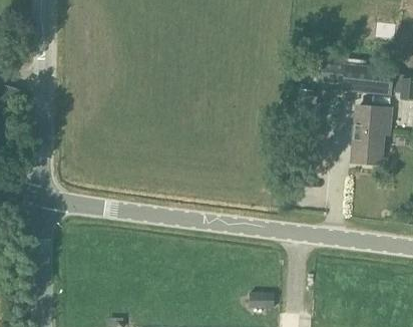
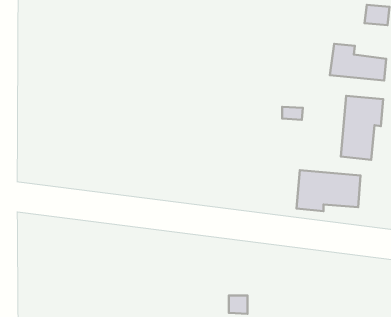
building: none -> [296,170,360,211]

